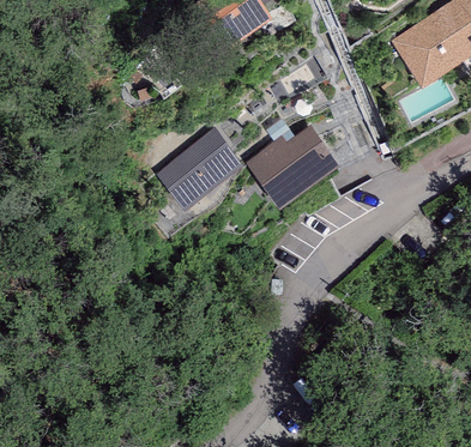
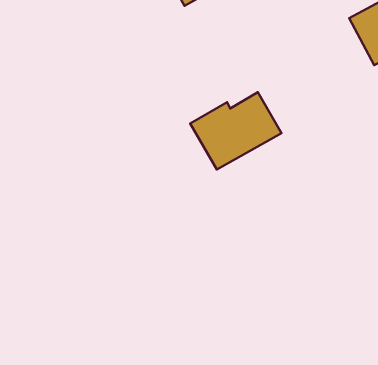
building: [158,128,240,206] -> none

